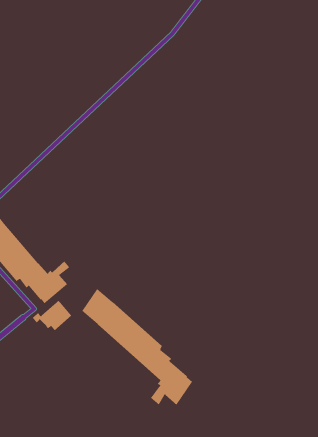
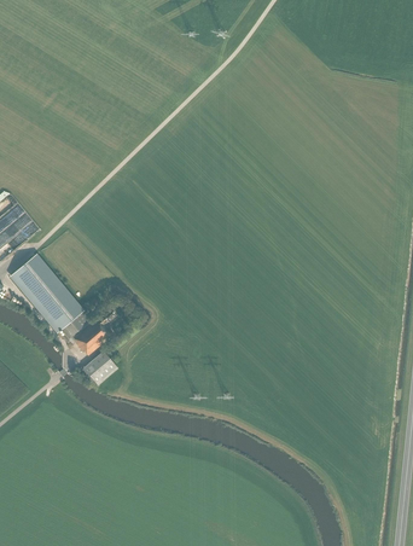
building: [82,288,193,406] -> none

